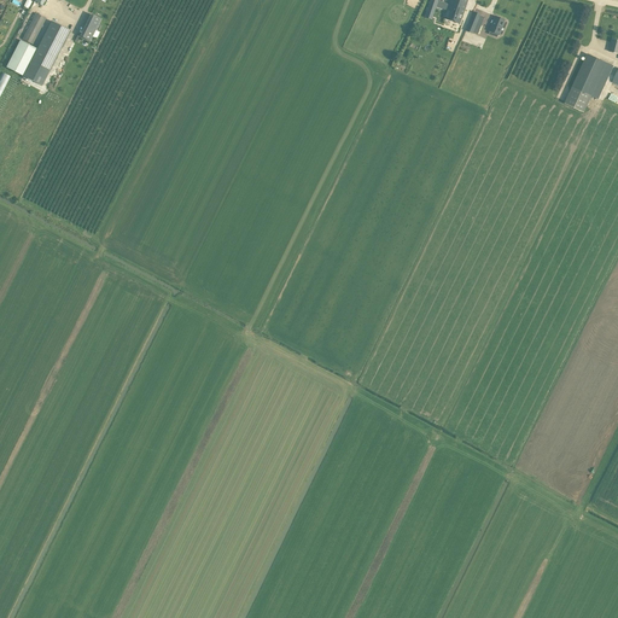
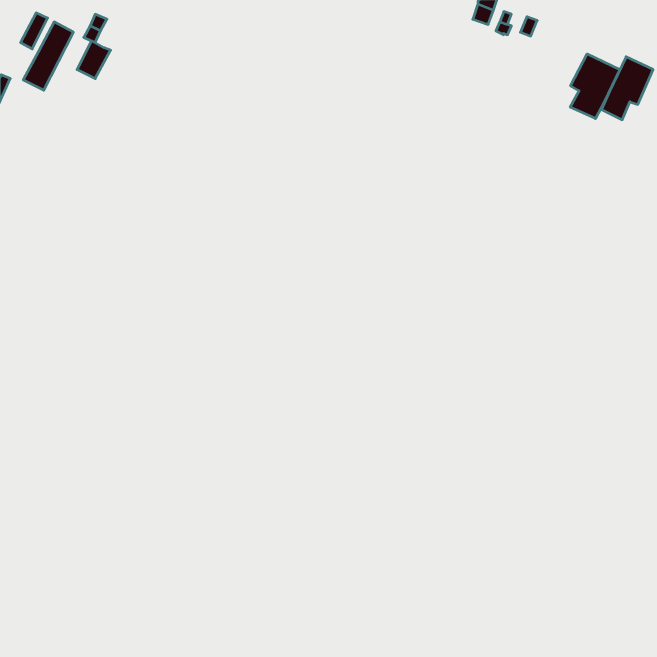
building: [5,40,36,75] -> [77,41,111,79]
building: none -> [570,54,620,119]

